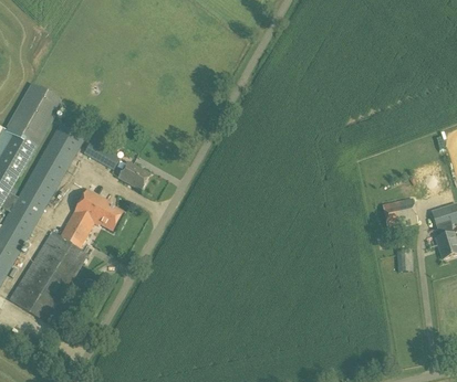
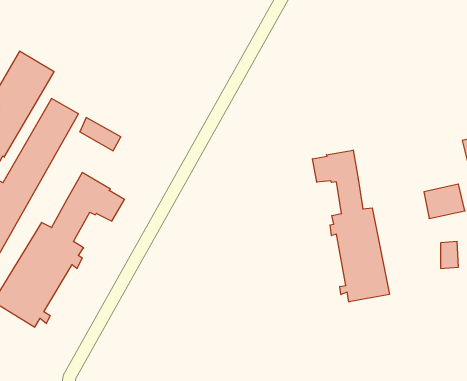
building: [118,161,149,189] -> none
building: none -> [312,150,389,302]

